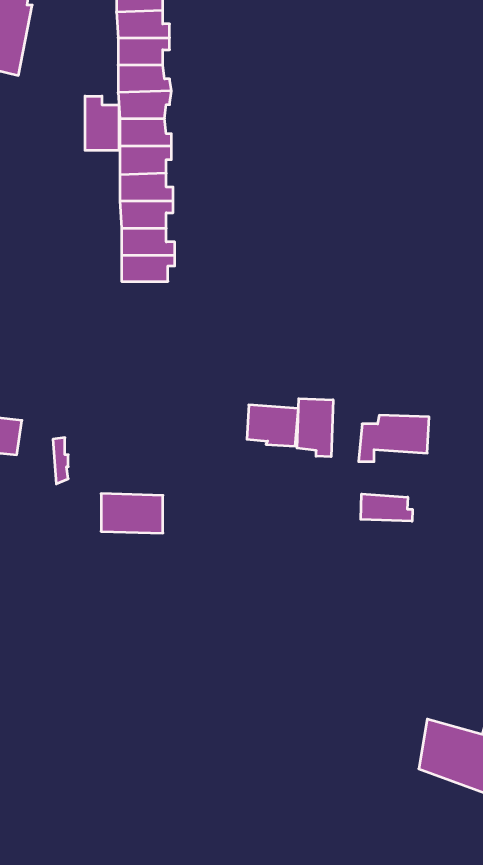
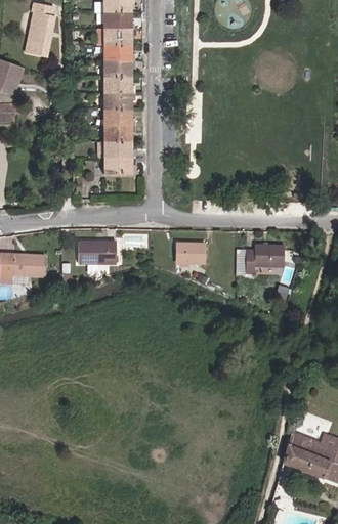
building: [85,96,119,150] -> none
building: [297,399,333,457] -> none
building: [101,494,163,533] -> [81,243,118,266]
building: [361,494,412,521] -> none

